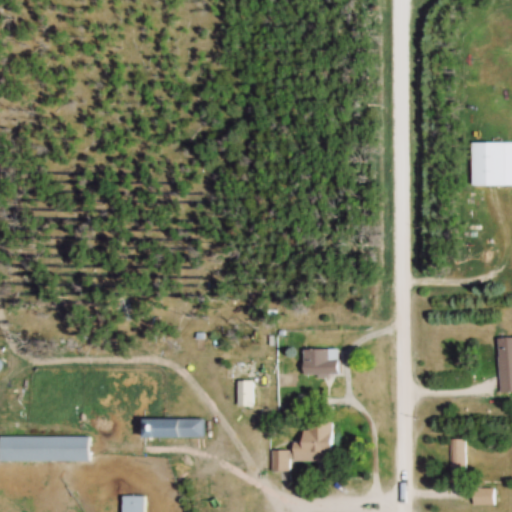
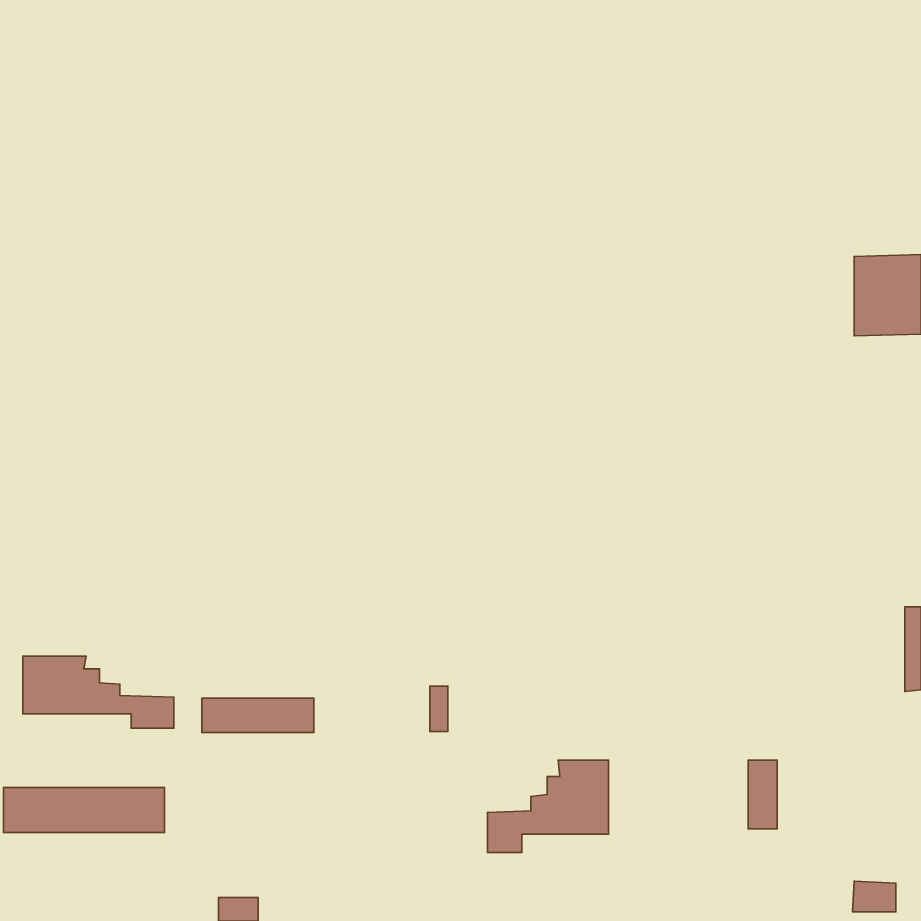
building: [305,349,342,375] -> none
building: none -> [23,656,174,728]
building: [141,419,203,438] -> [202,698,314,732]
building: [448,439,464,477] -> [748,760,777,829]

